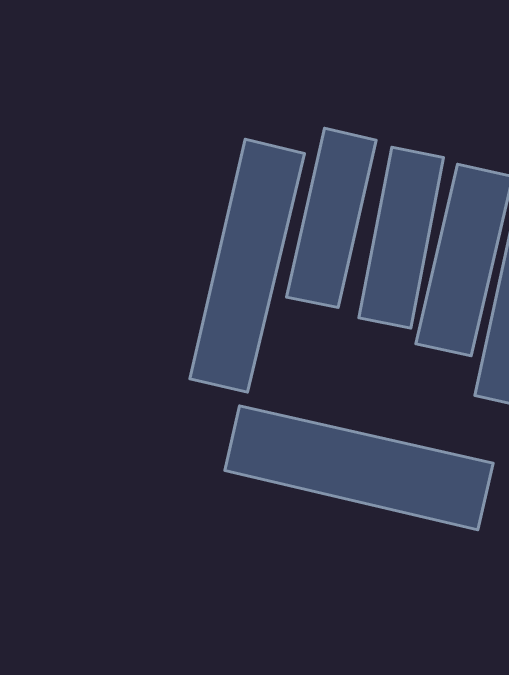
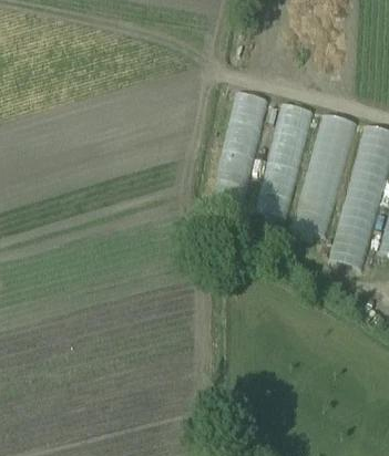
building: [190,139,305,392] -> none
building: [225,406,493,530] -> none

